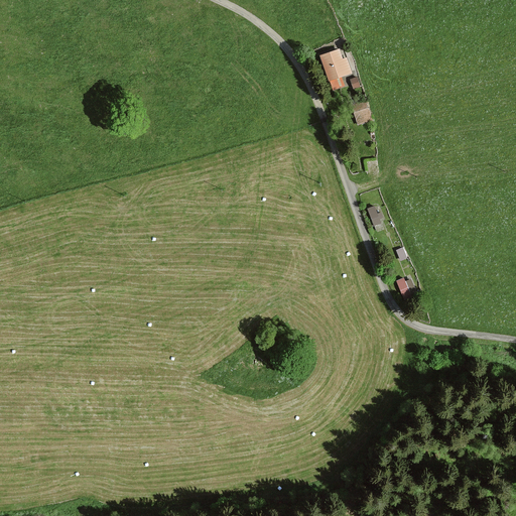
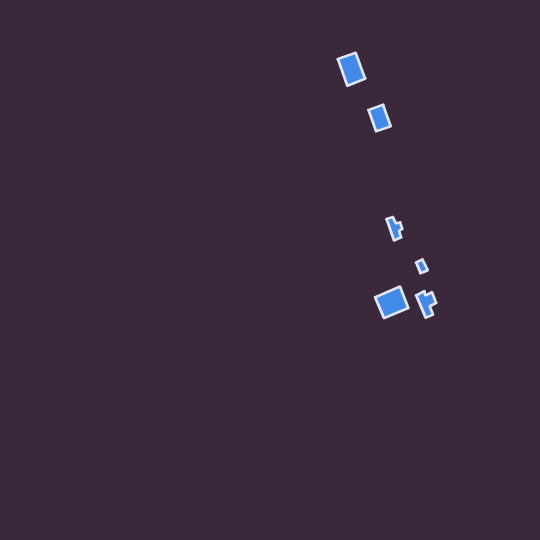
building: none -> [375,287,408,318]

